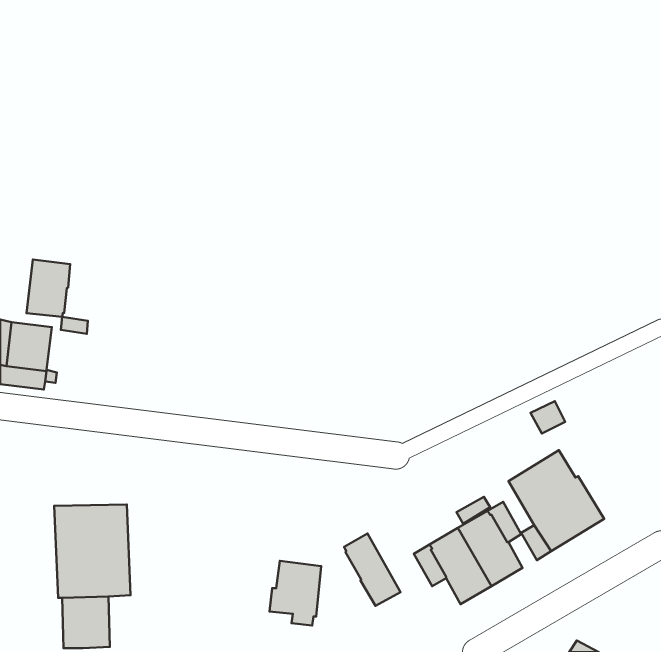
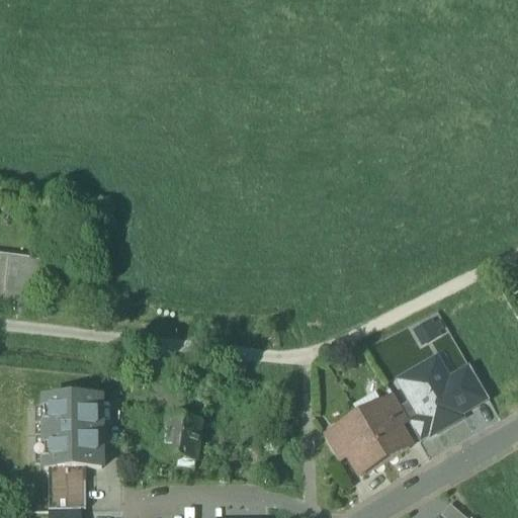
building: [26,260,70,317] -> none
building: none -> [452,362,490,406]
building: [344,533,400,606] -> none
building: [270,561,321,626] -> [160,414,200,464]

